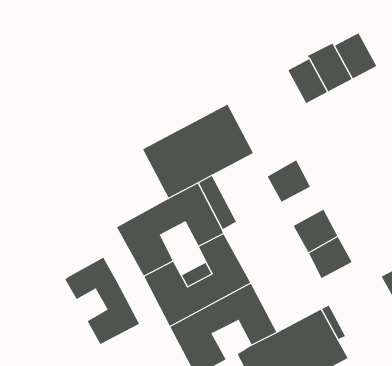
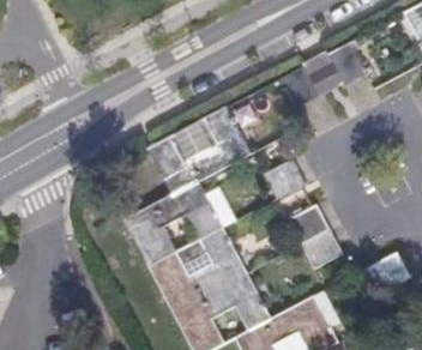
building: [64,257,140,345] -> none

